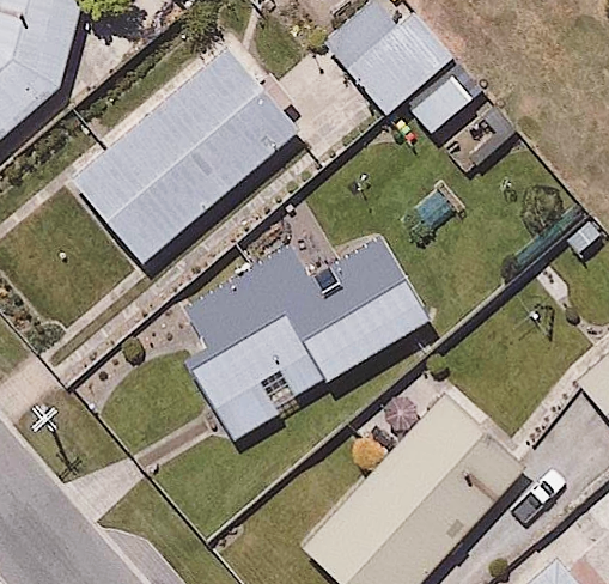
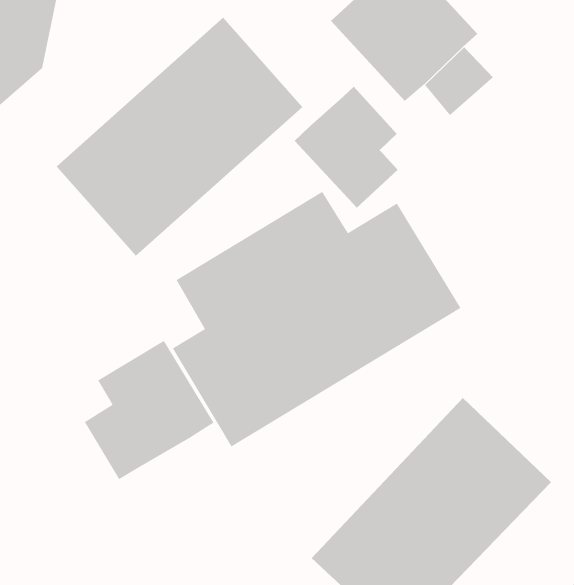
building: none -> [294,86,399,209]
building: none -> [84,340,215,480]

